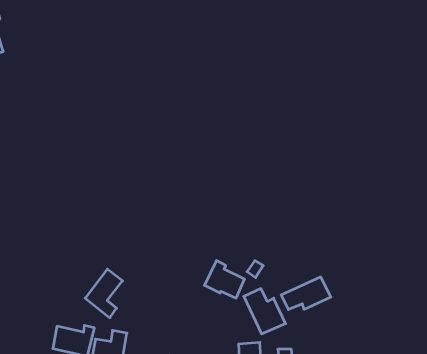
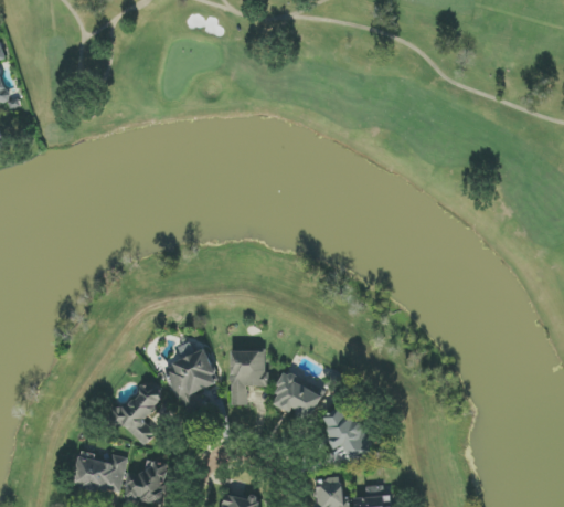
building: none -> [166,348,219,411]
building: none -> [230,350,266,404]
building: [281,277,331,310] -> none

